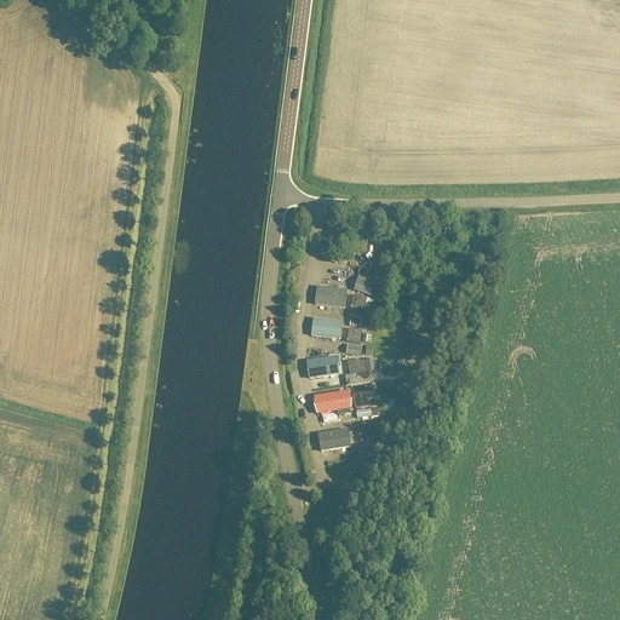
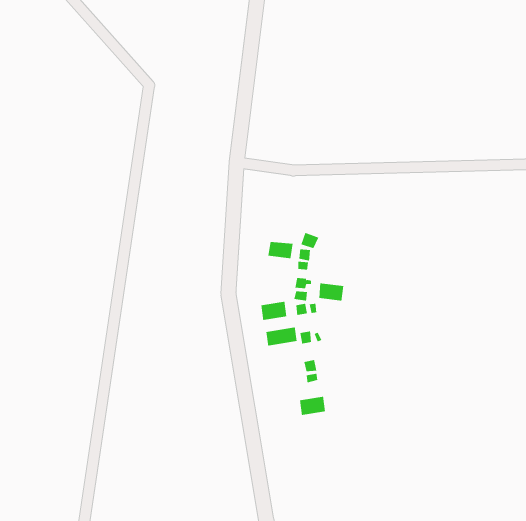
building: [311,316,341,338] -> [318,283,344,301]
building: [318,427,350,450] -> [299,396,326,416]

